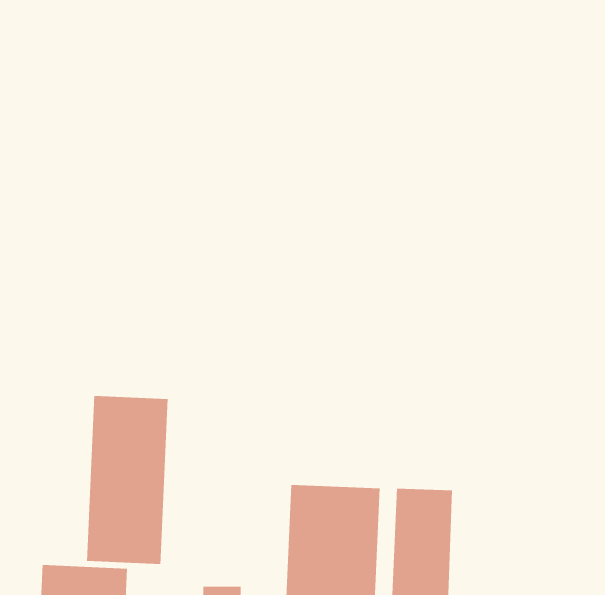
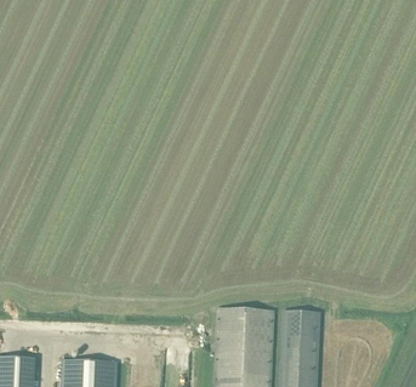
building: [86,395,168,565] -> none

